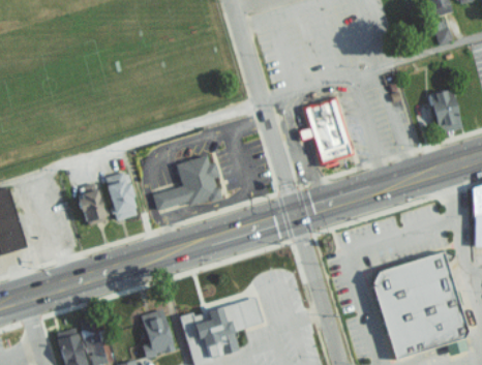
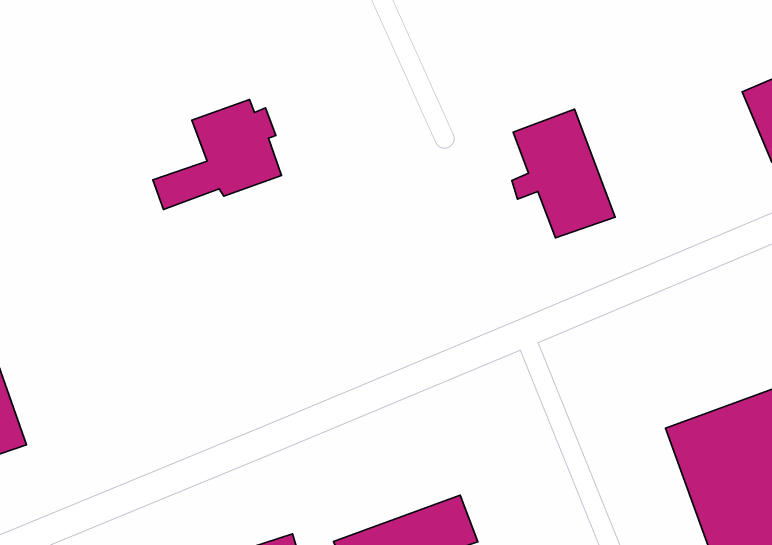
building: [152,156,221,211] -> [153,100,281,210]
building: [106,173,137,221] -> none
building: [79,184,106,226] -> none

